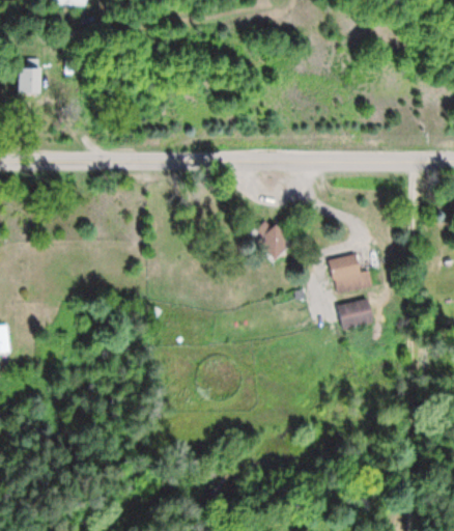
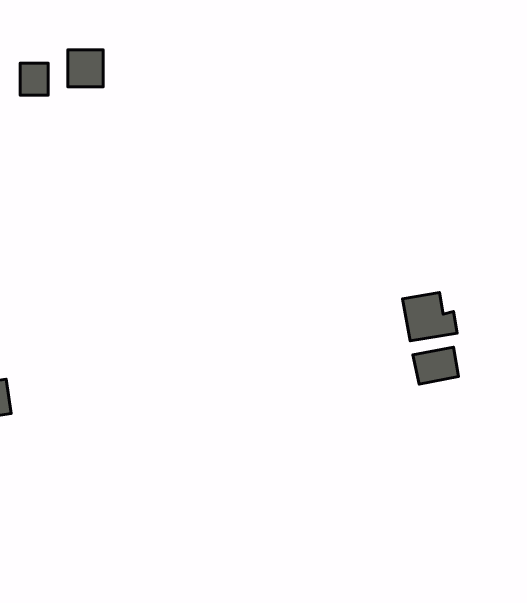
building: none -> [68,50,103,87]
building: [251,219,292,260] -> none

